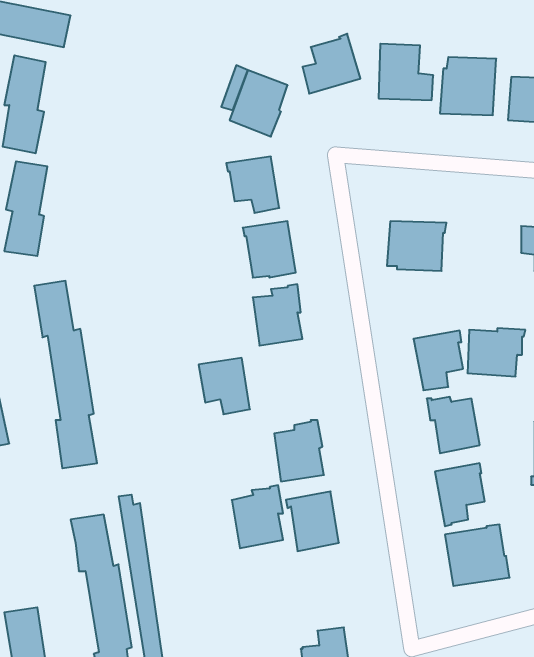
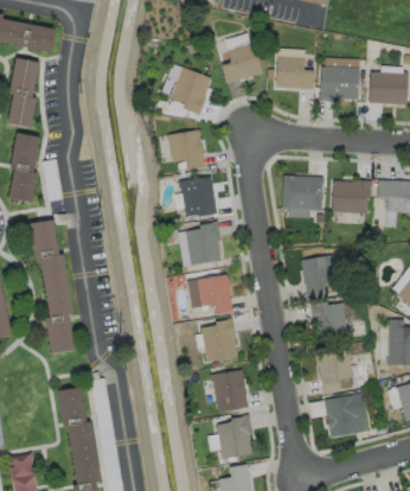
building: [467,328,525,376] -> [332,180,373,215]
building: [199,358,250,414] -> [197,275,233,315]
building: [232,485,283,548] -> [216,415,252,460]

